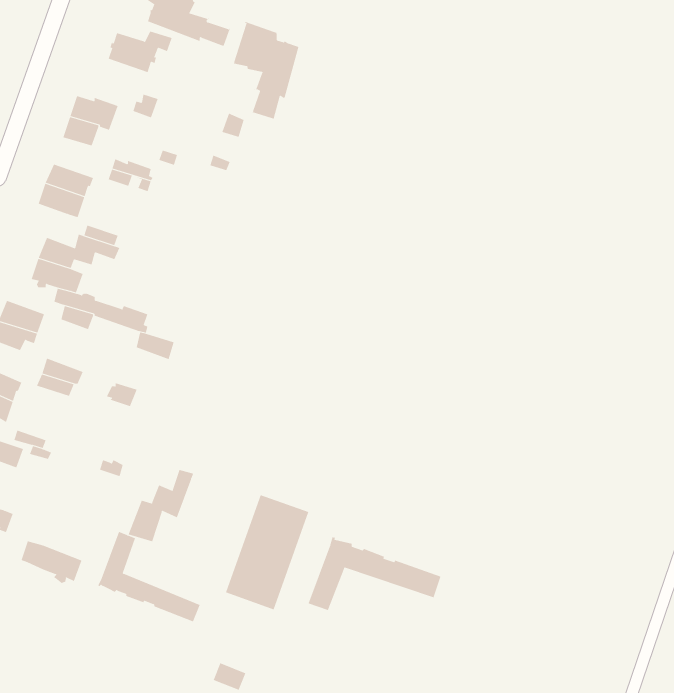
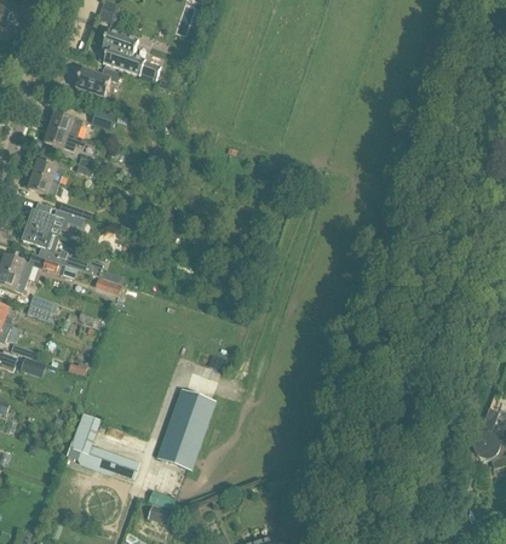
building: [232,21,302,120] -> none
building: [128,469,194,542] -> none
building: [308,536,441,611] -> none
building: [21,540,82,584] -> none

